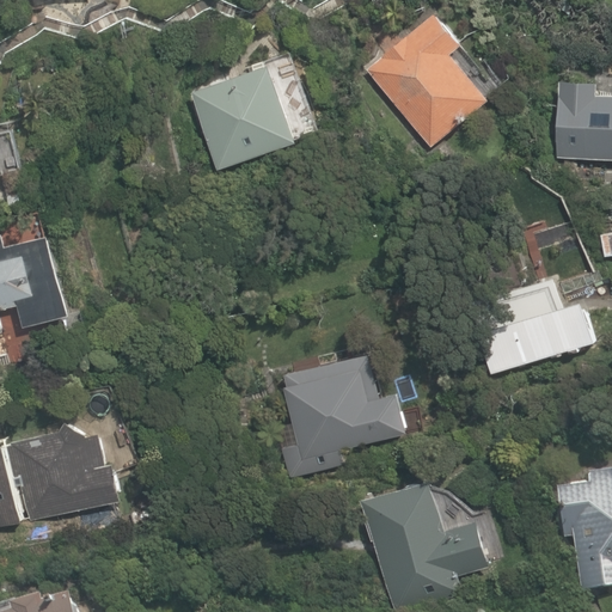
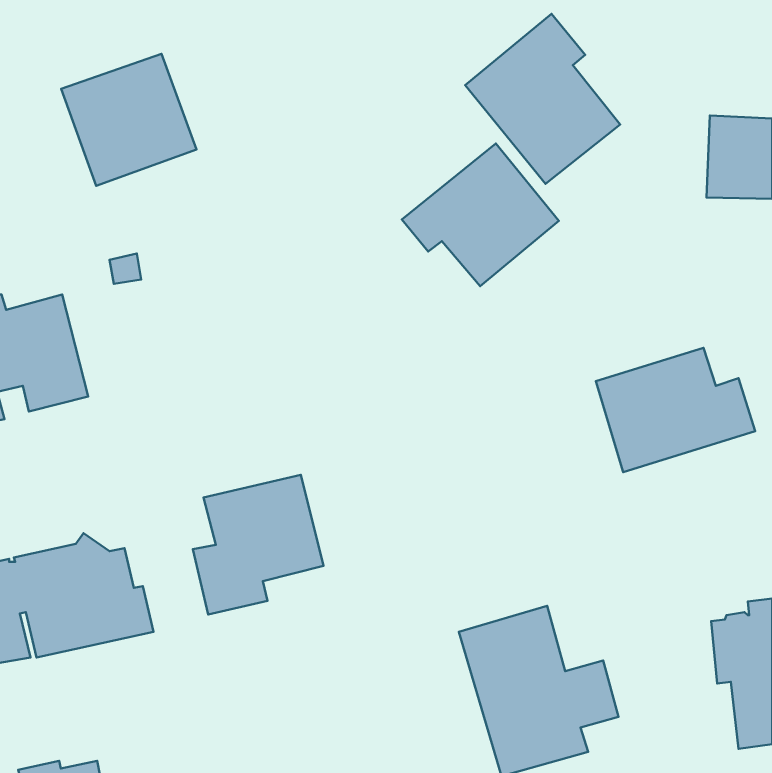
building: [190,66,296,170] -> [61,54,197,186]
building: none -> [402,144,559,286]
building: [276,368,379,478] -> [193,475,324,615]

